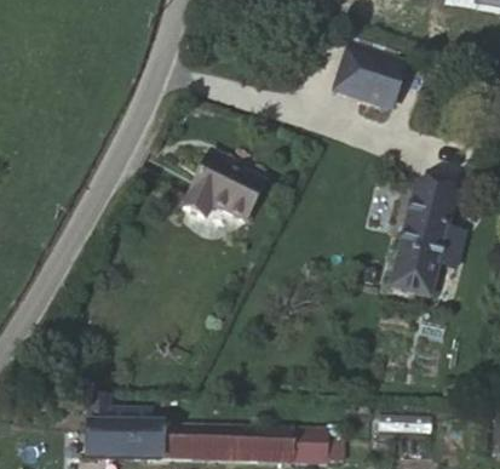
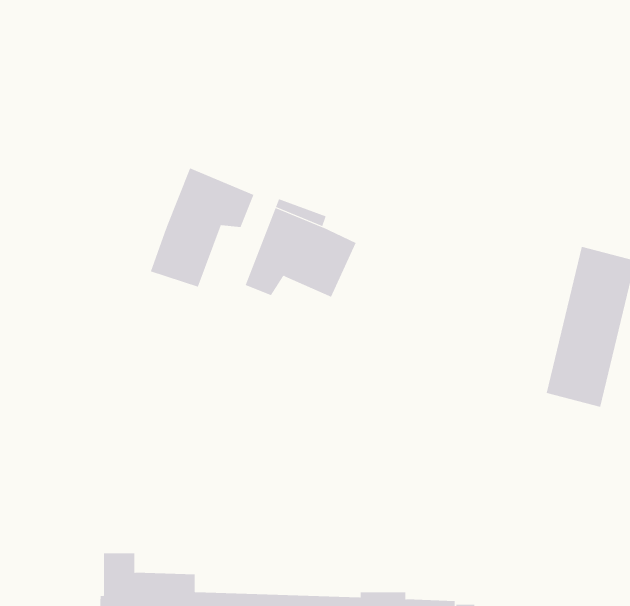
building: [334,40,403,109] -> none
building: none -> [150,167,254,288]

